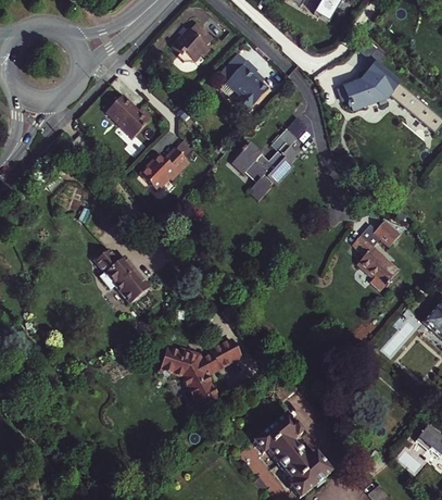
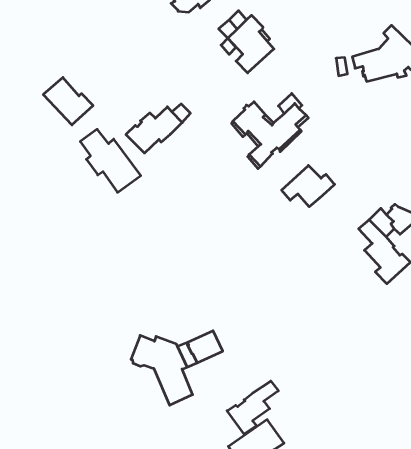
building: [101,97,146,138] -> [43,77,93,125]
building: none -> [282,165,335,207]
building: [93,249,149,303] -> [80,129,141,192]
building: none -> [227,381,278,434]

